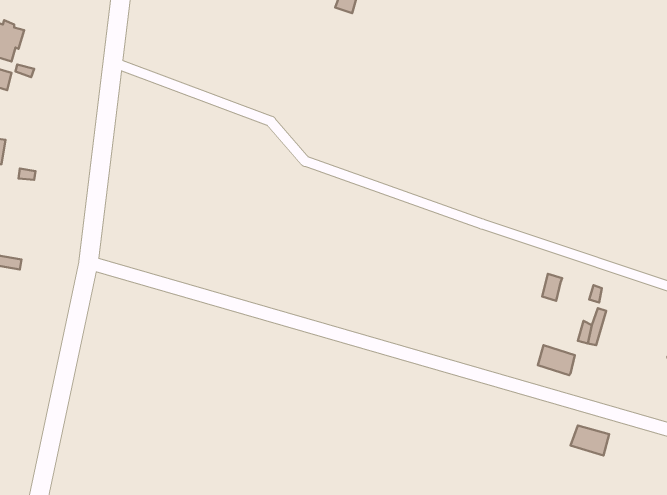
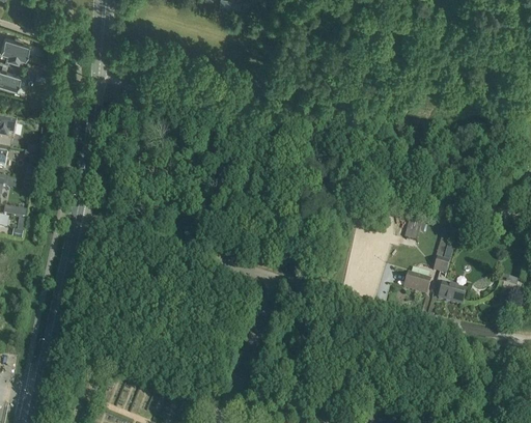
building: [571,425,609,455] -> [437,282,465,304]

